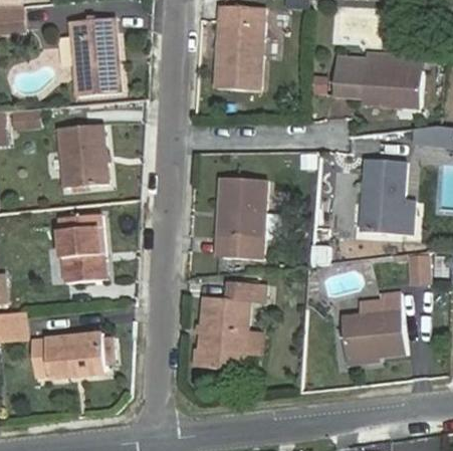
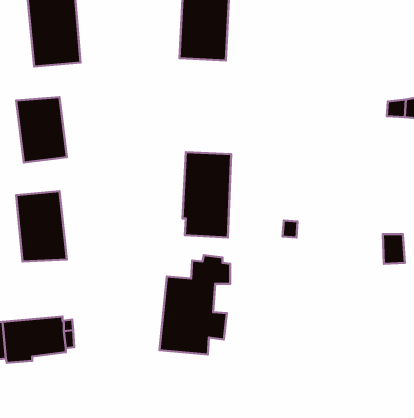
building: [334,53,422,106] -> none
building: [359,163,415,235] -> none
building: [341,292,406,360] -> none

